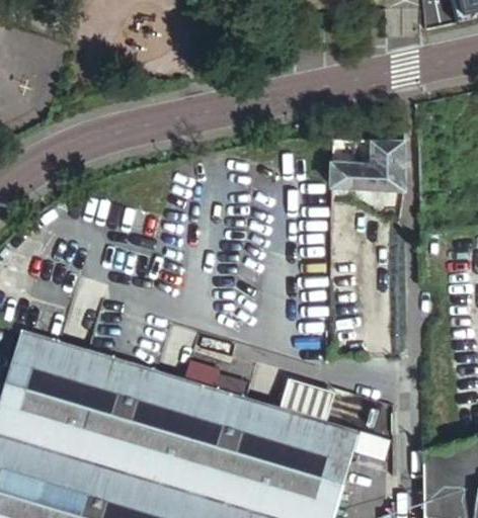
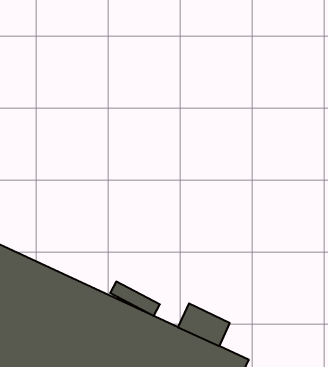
building: [332,142,404,191] -> none

